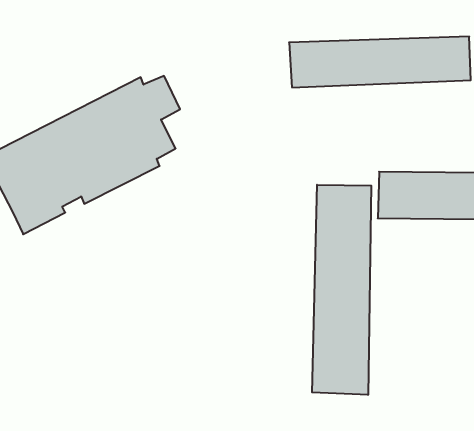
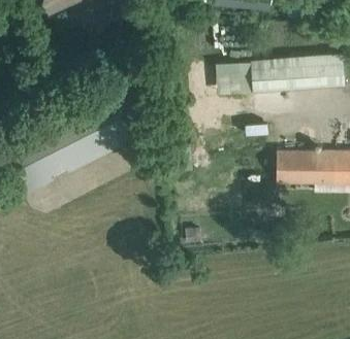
building: [312,185,371,395] -> none

